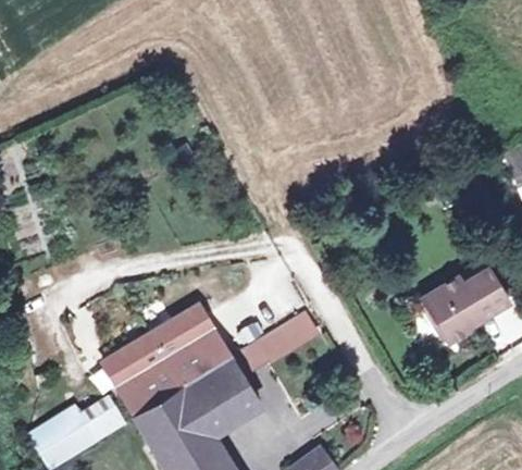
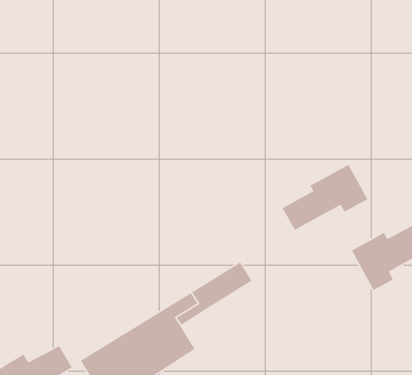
building: none -> [281,164,369,231]
building: [102,305,228,416] -> none

